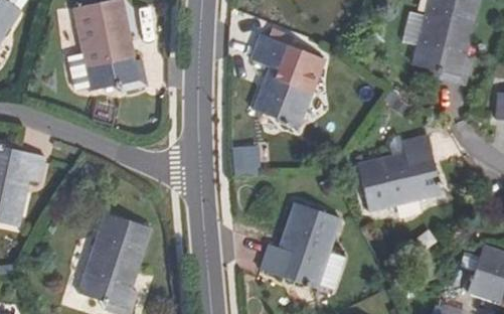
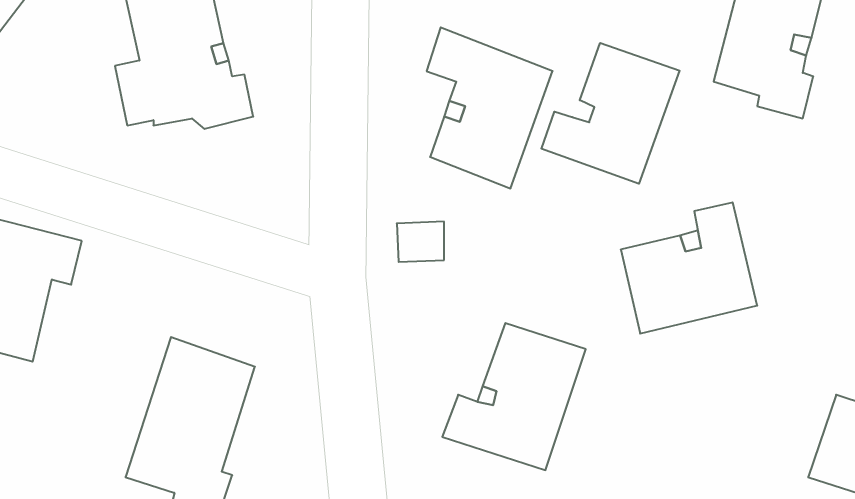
building: none -> [541,43,680,184]

